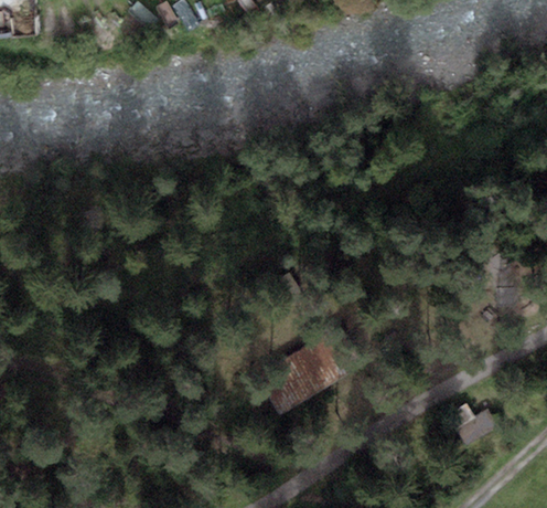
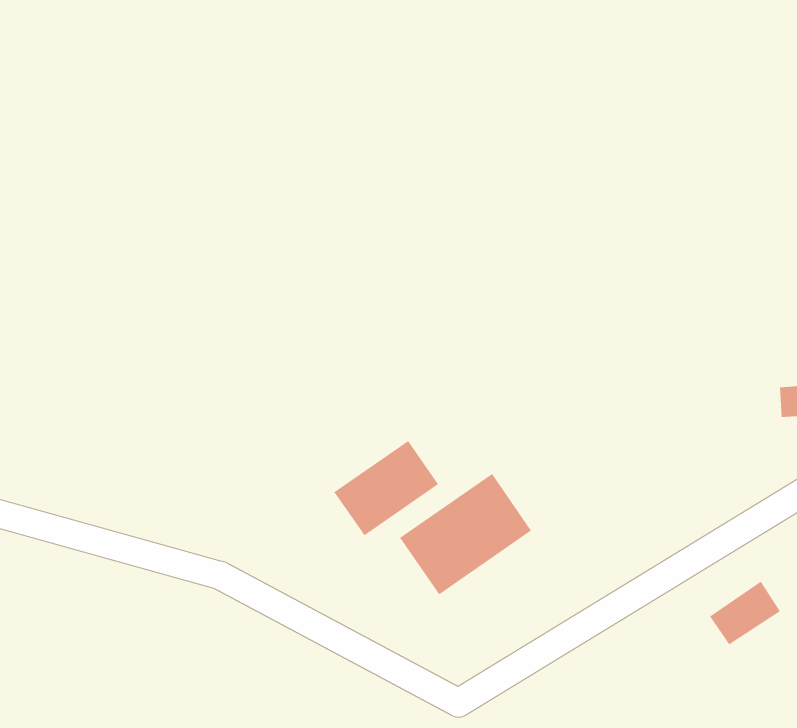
building: none -> [333,440,439,536]

